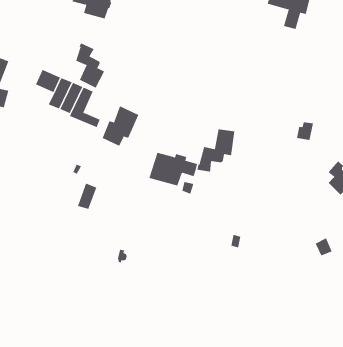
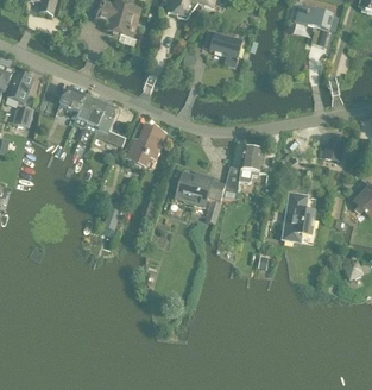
building: none -> [202,26,242,65]
building: [75,42,105,89] -> none
building: none -> [282,193,313,240]

